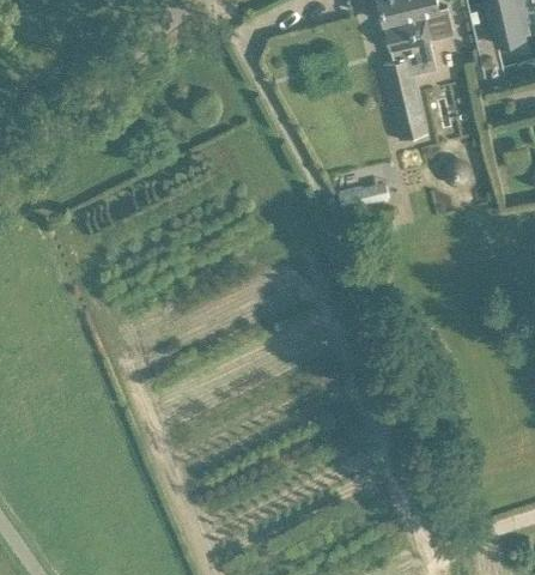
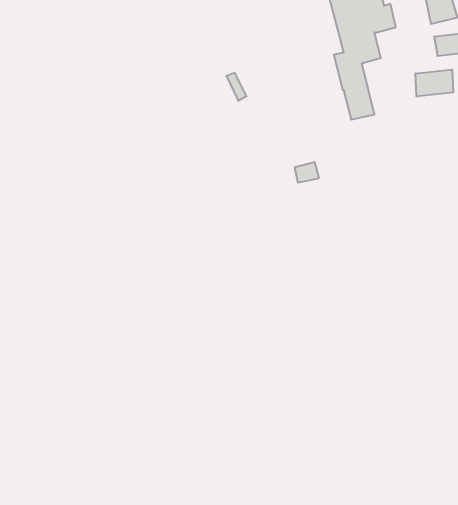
building: none -> [415,69,453,97]

